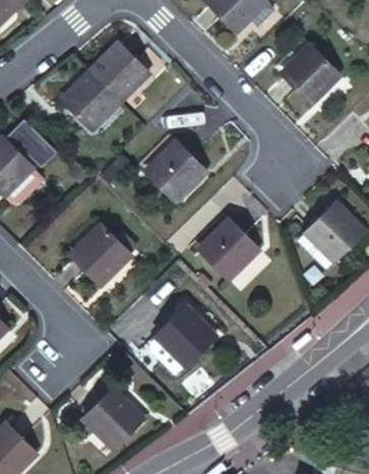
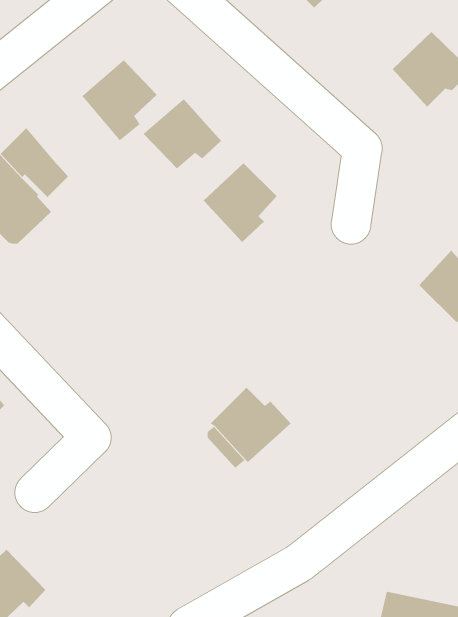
building: [96,45,152,96] -> [143,99,222,169]
building: [202,219,256,279] -> none
building: [76,232,133,285] -> none
building: [95,391,150,441] -> none

